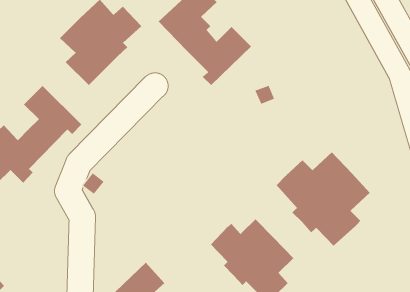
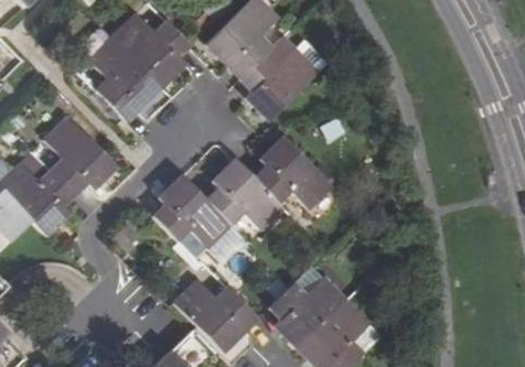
building: none -> [153,134,331,246]
building: [276,151,371,246] -> none
building: none -> [174,282,254,350]

